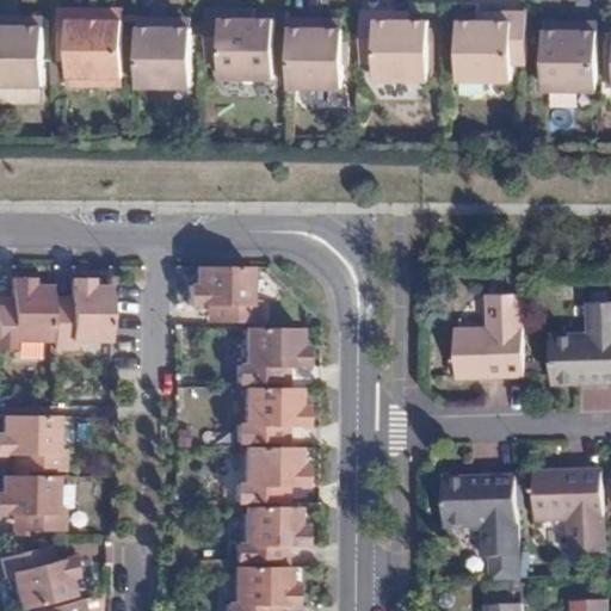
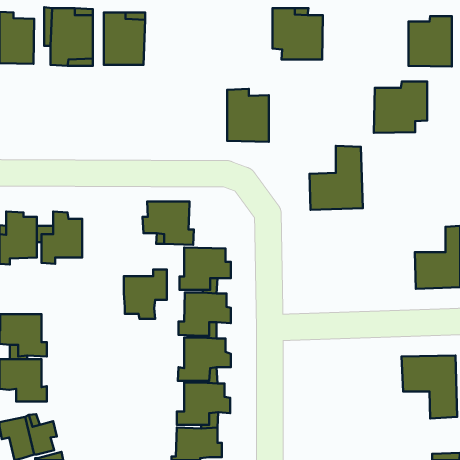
building: [205,10,274,79] -> none
building: [456,12,526,80] -> [374,82,427,133]
building: [289,17,344,87] -> [227,89,269,142]
building: [455,291,525,376] -> [310,146,363,210]
building: none -> [124,270,167,319]
building: [442,476,519,557] -> none

